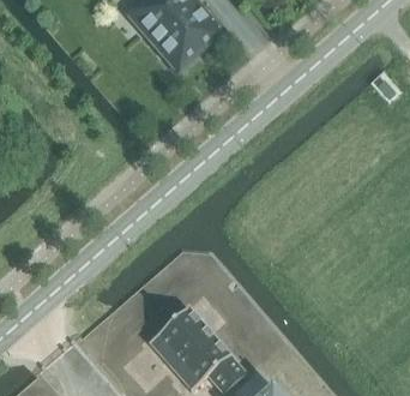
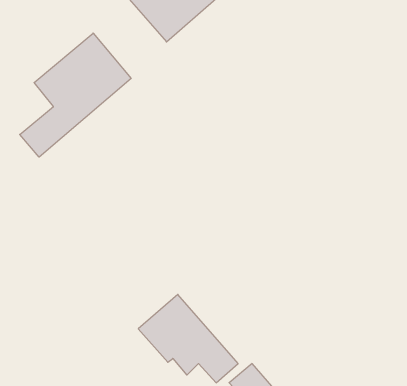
building: none -> [20,33,131,157]

